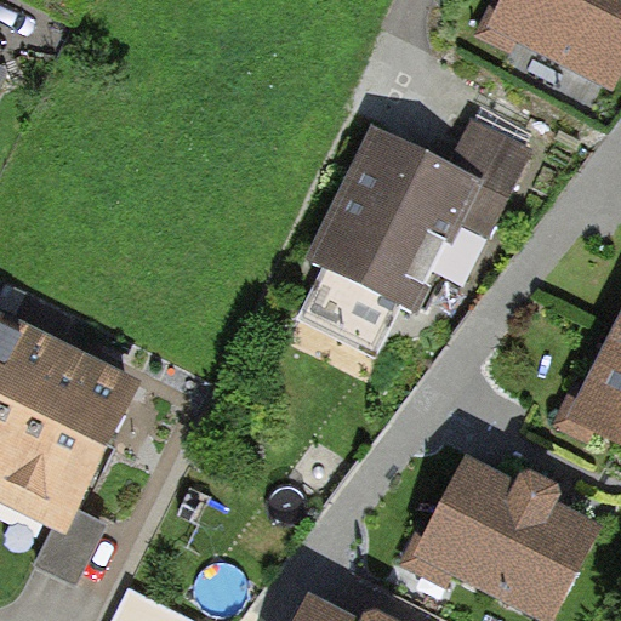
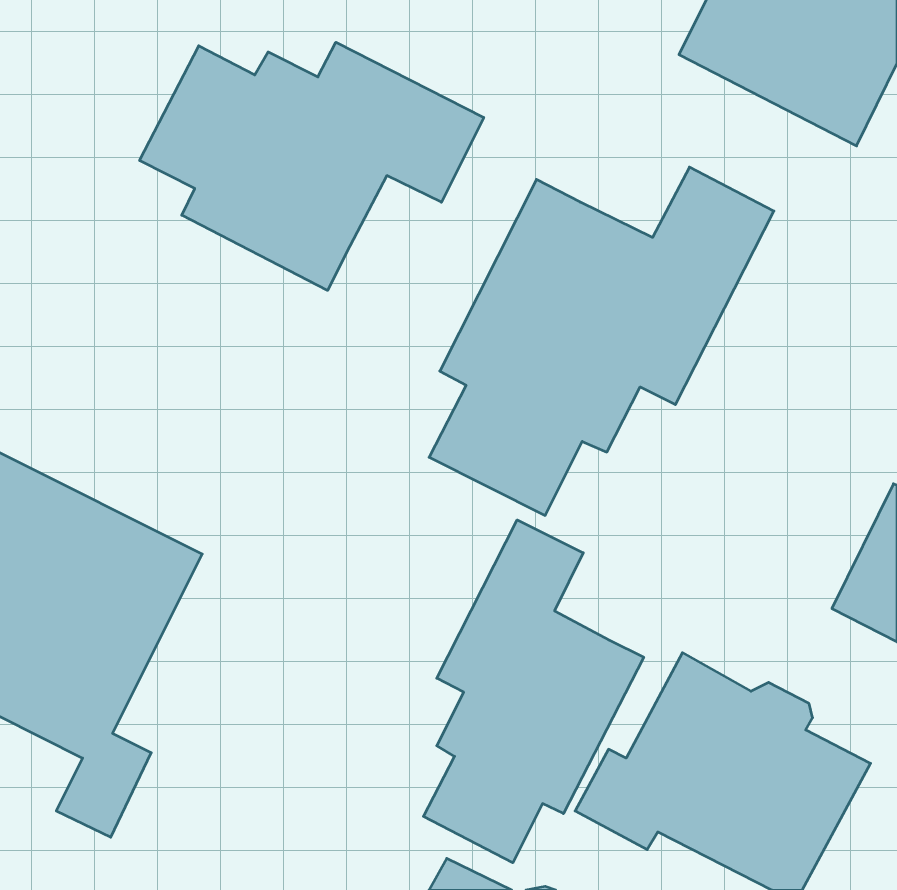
building: none -> [140,42,484,290]
building: none -> [423,520,644,863]

